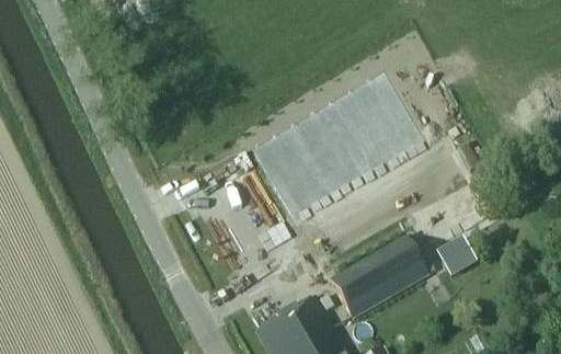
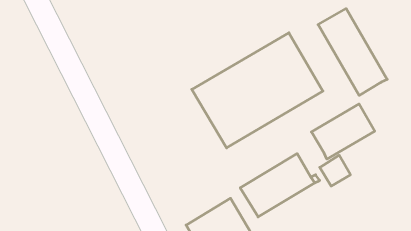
building: none -> [318,9,387,95]
building: none -> [311,104,375,159]

